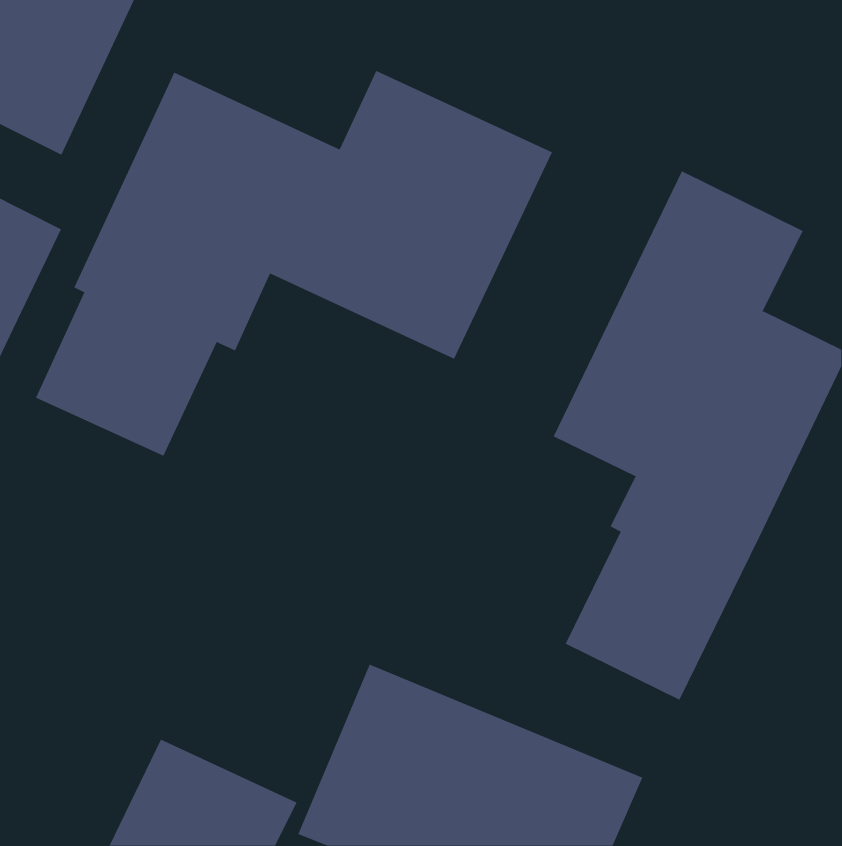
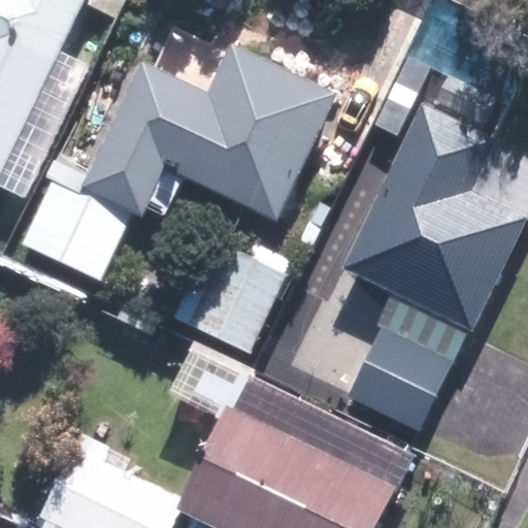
building: none -> [189,246,287,355]

